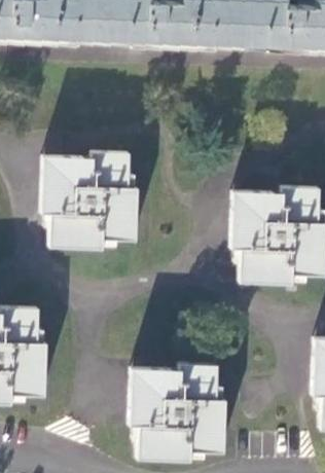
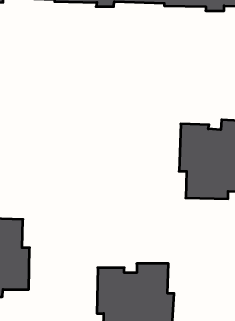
building: [37,152,136,251] -> none

